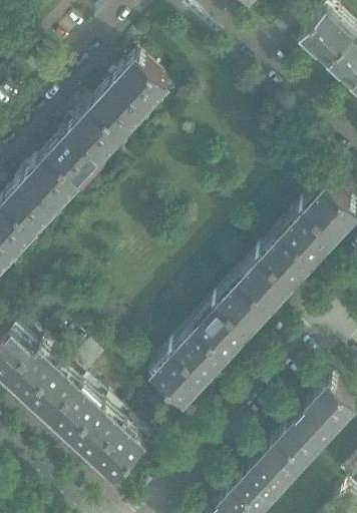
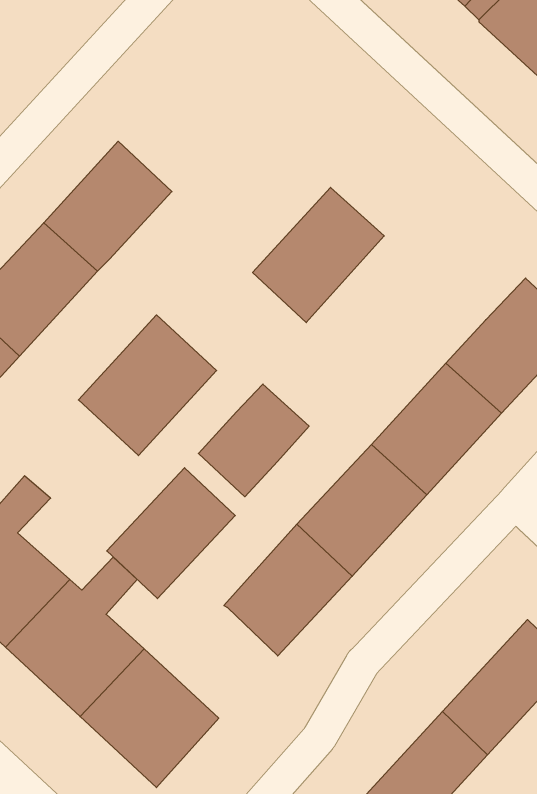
building: [92,60,168,138] -> [253,187,384,323]
building: none -> [78,315,217,456]
building: none -> [198,384,309,497]
building: none -> [107,468,235,599]

